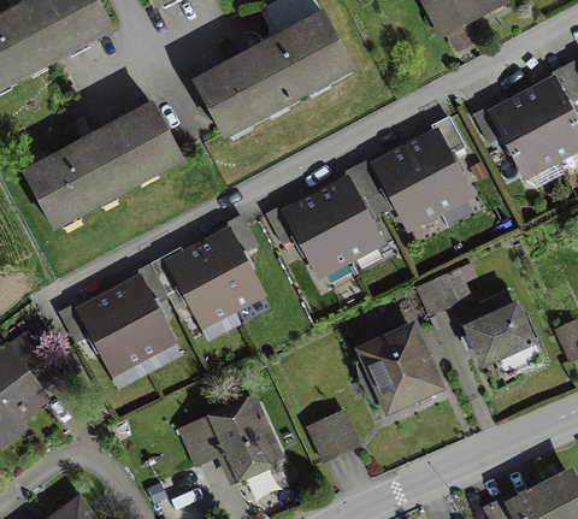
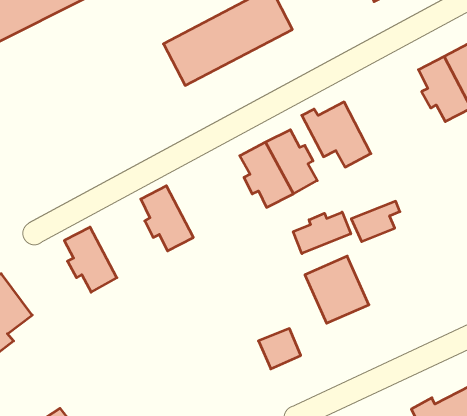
building: [26,105,179,222] -> none
building: [408,117,468,208] -> none
building: [201,231,261,306] -> none
building: none -> [293,212,351,254]
building: [112,278,172,353] -> none
building: [468,305,541,373] -> none
building: [184,401,276,477] -> none

